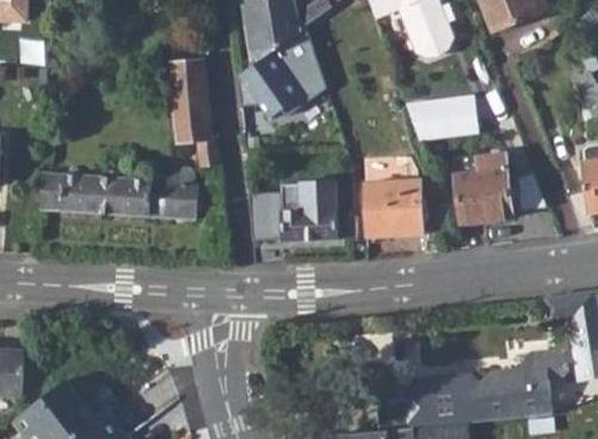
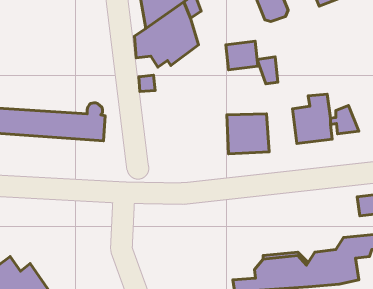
building: [169,60,218,166] -> none
building: [432,98,476,137] -> [226,41,258,70]
building: [248,181,338,240] -> none

